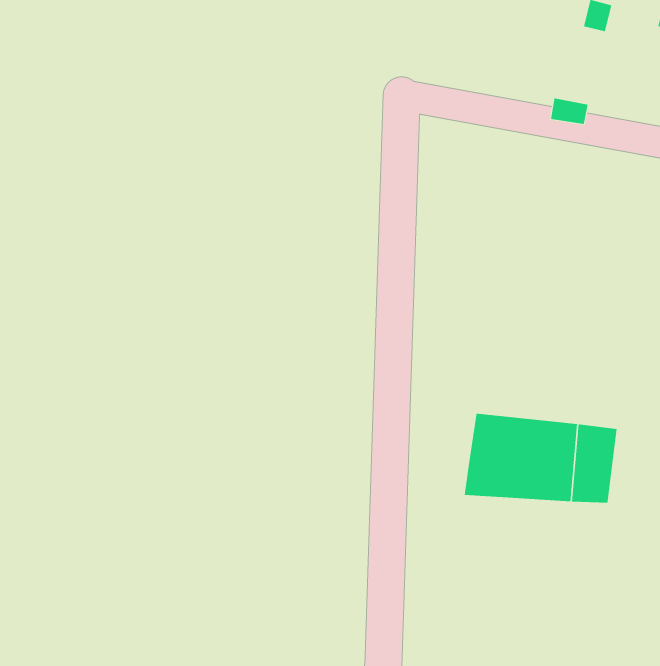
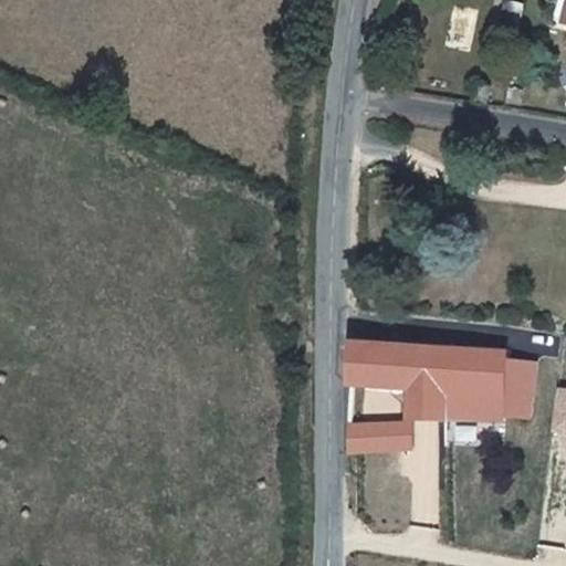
building: none -> [346,338,411,389]
building: none -> [364,419,413,449]

